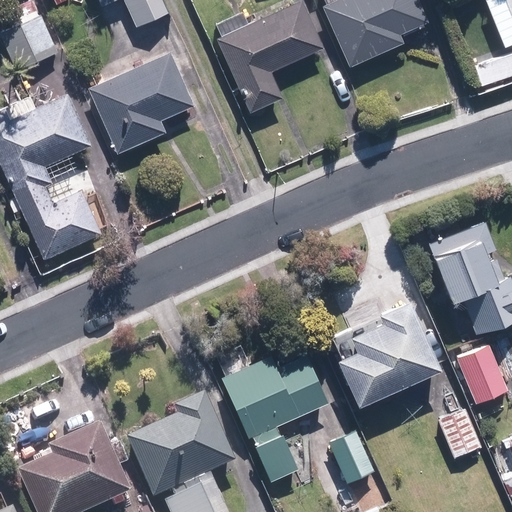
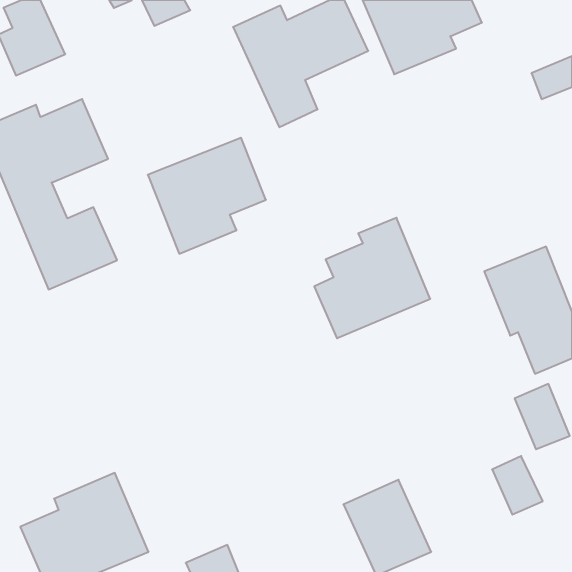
building: [87,52,192,155] -> [148,138,266,254]
building: [342,297,445,404] -> [314,218,430,338]
building: [222,349,328,482] -> none
building: [127,395,236,498] -> none

